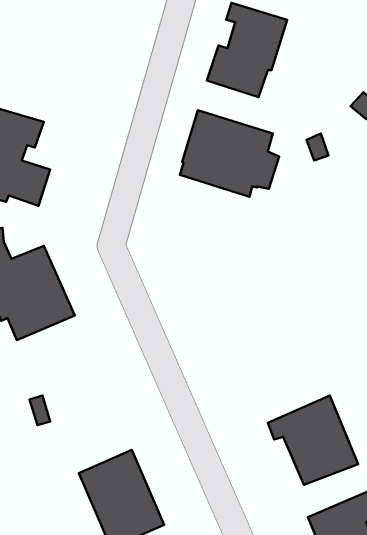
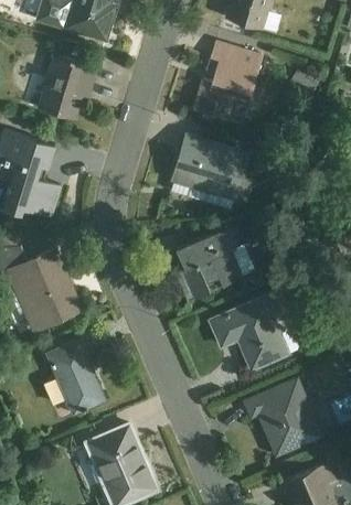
building: none -> [36,53,96,119]
building: none -> [174,230,254,300]
building: none -> [210,293,298,370]
building: none -> [45,341,105,416]

